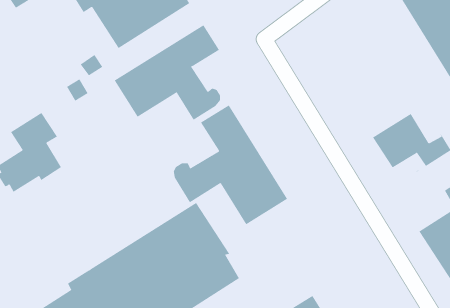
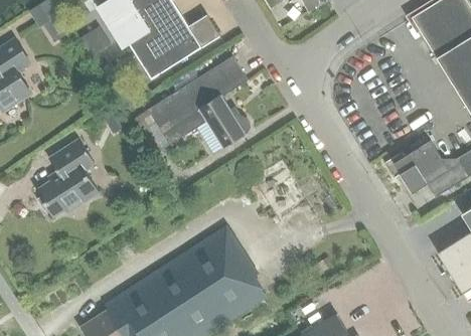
building: [173,104,288,225] -> none

